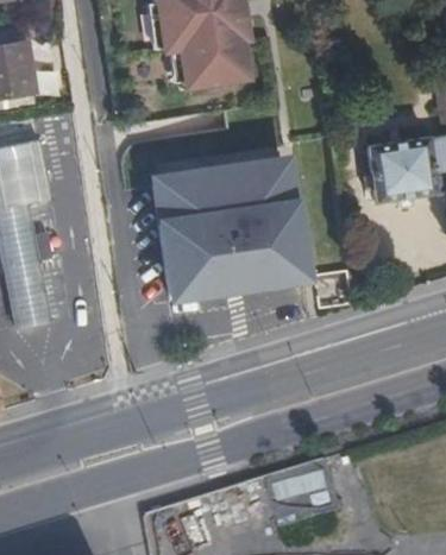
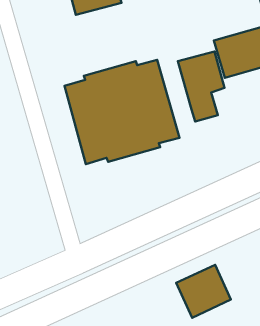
building: none -> [178,51,225,122]

